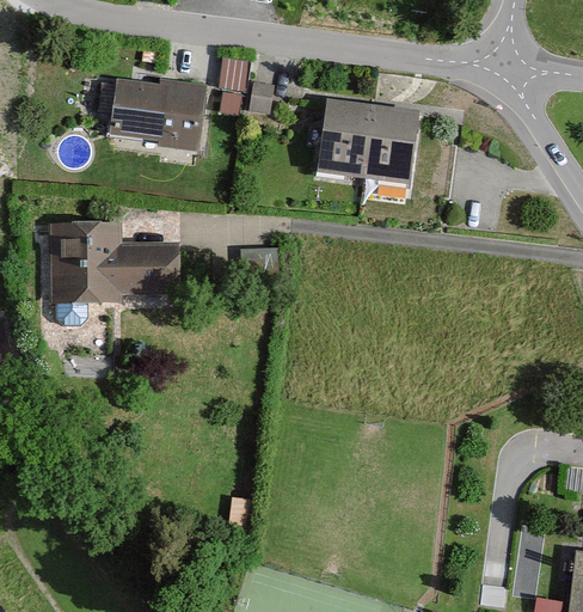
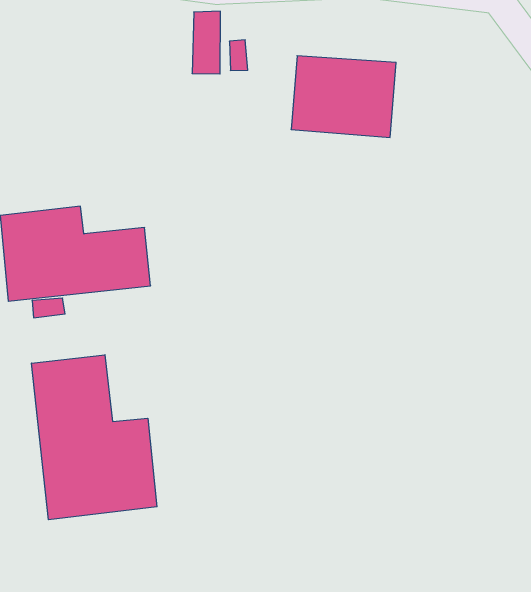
building: [109,74,208,147] -> none
building: none -> [32,355,157,520]

